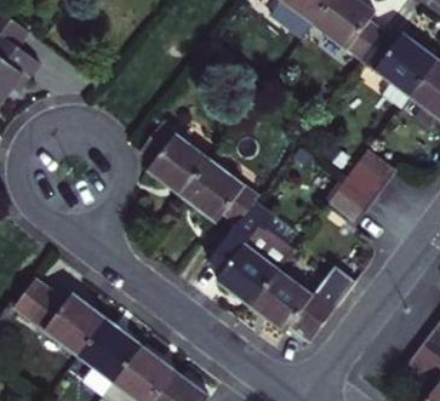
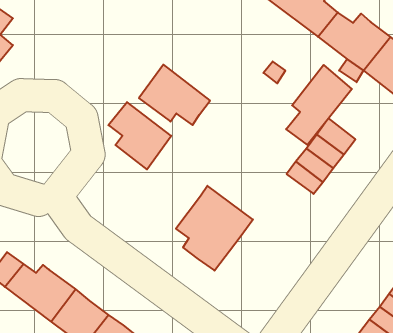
building: none -> [286,65,352,145]
building: [181,161,255,224] -> [139,65,210,125]
building: [251,267,339,334] -> none

